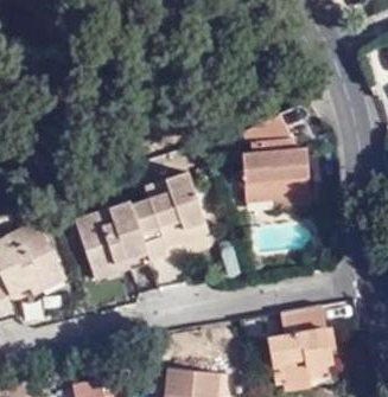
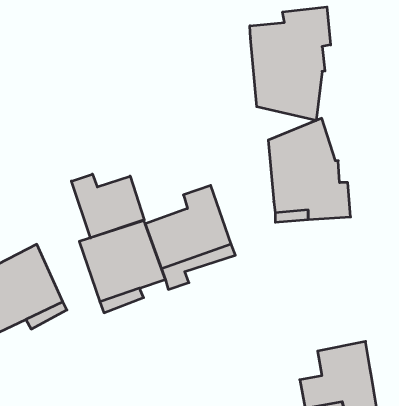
building: none -> [250,7,331,121]
building: none -> [71,174,144,238]

